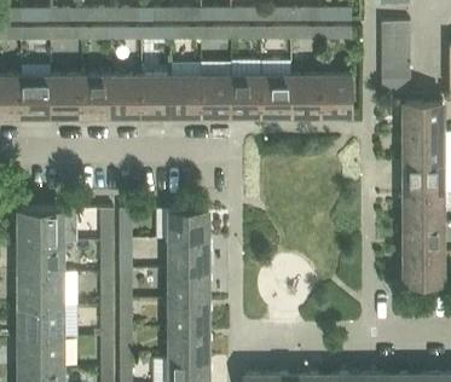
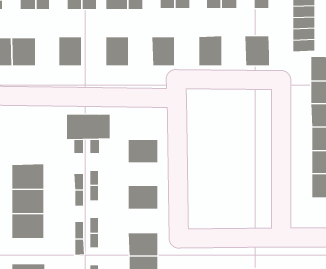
building: [290,76,320,115] -> none
building: [51,77,80,115] -> none
building: [110,77,140,115] -> none
building: [170,77,201,115] -> none
building: [230,77,260,115] -> none
building: [19,209,76,242] -> [66,114,111,140]
building: [169,239,208,268] -> none
building: [169,299,208,329] -> none
building: [19,336,63,369] -> none

